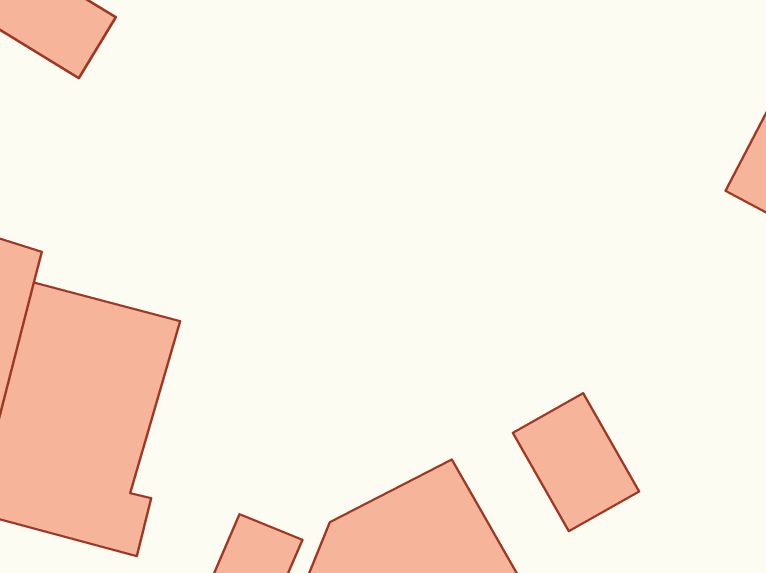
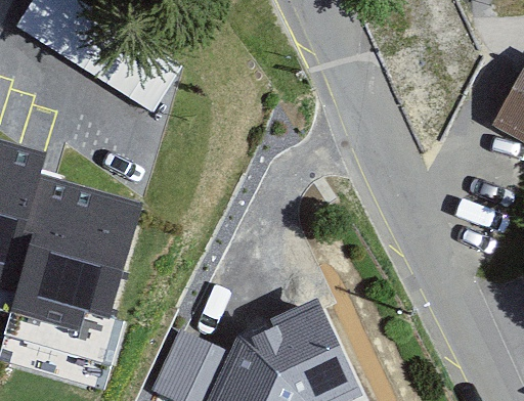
building: [513,393,639,531] -> none

